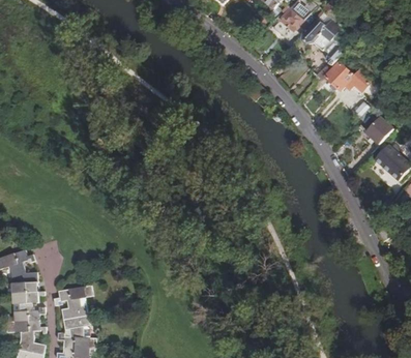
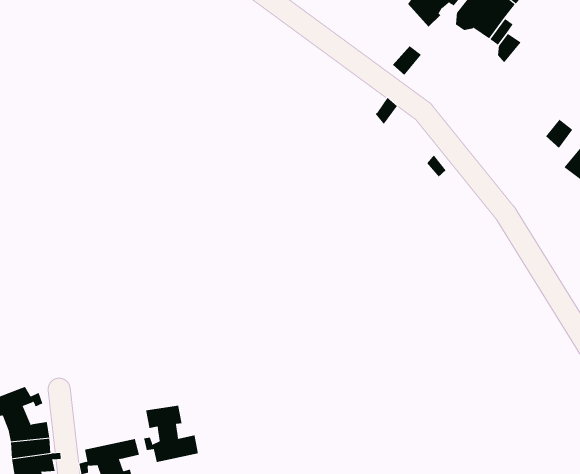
building: [325,62,371,95] -> none
building: none -> [143,405,198,463]

